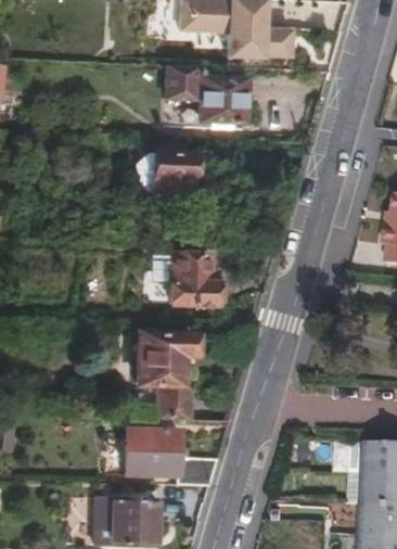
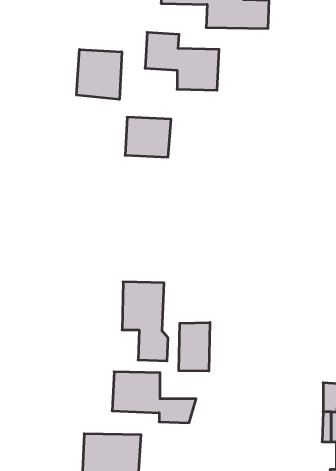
building: none -> [77,49,122,99]
building: [157,252,215,304] -> none
building: none -> [179,322,210,371]

